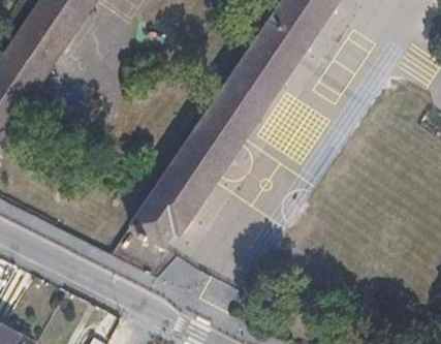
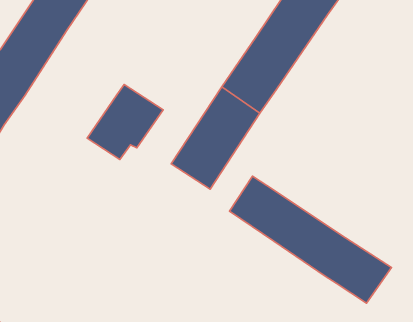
building: [132,170,207,244] -> [87,84,163,159]
building: none -> [229,176,391,303]

